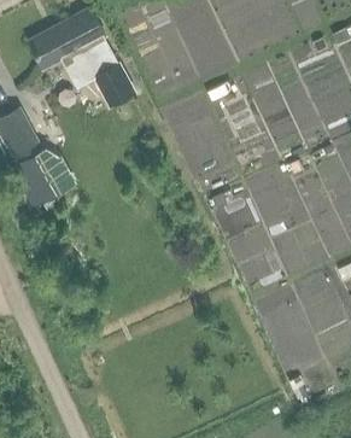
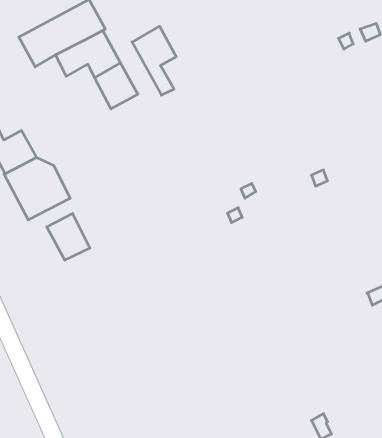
building: none -> [132,26,176,95]
building: none -> [47,213,90,260]

